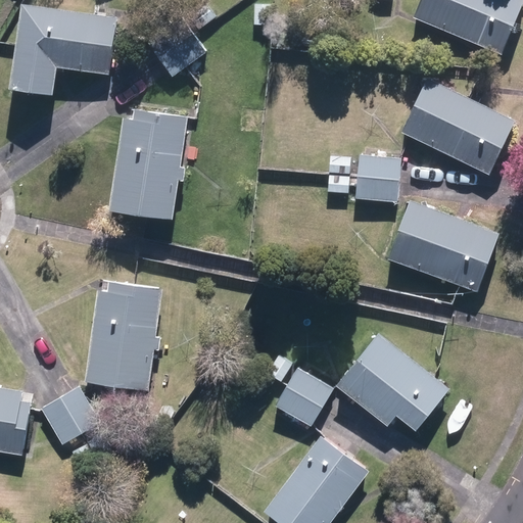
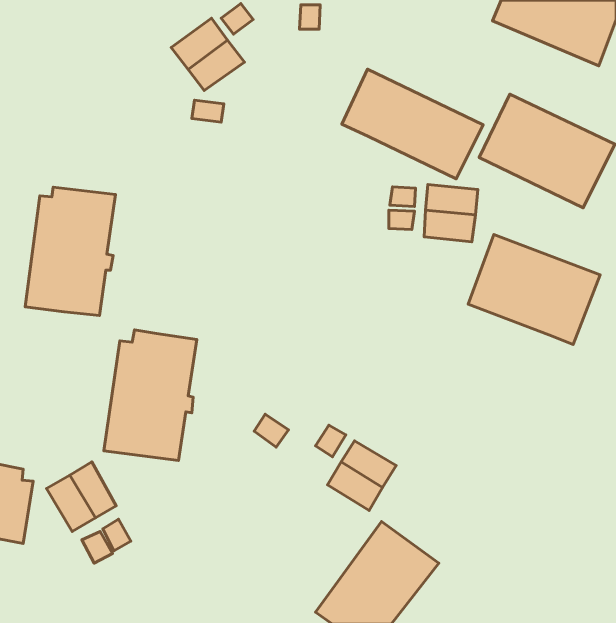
building: [9,5,115,96] -> none
building: none -> [342,69,483,179]
building: [112,107,188,215] -> [25,187,115,315]
building: [339,330,450,427] -> none

